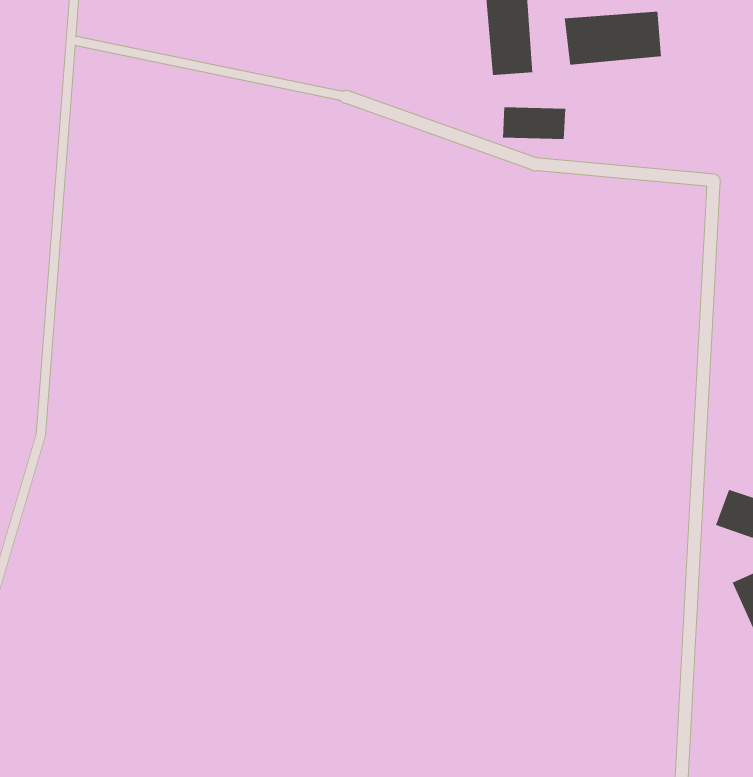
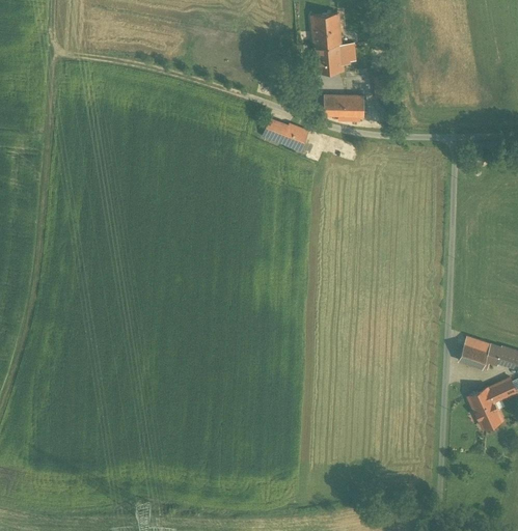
building: [564,11,662,65] -> none
building: none -> [263,116,309,150]

